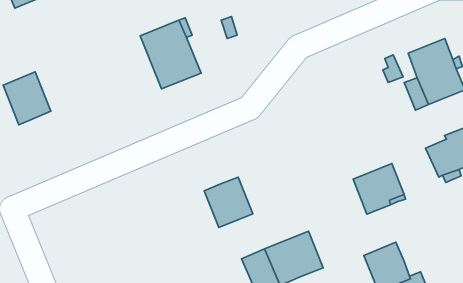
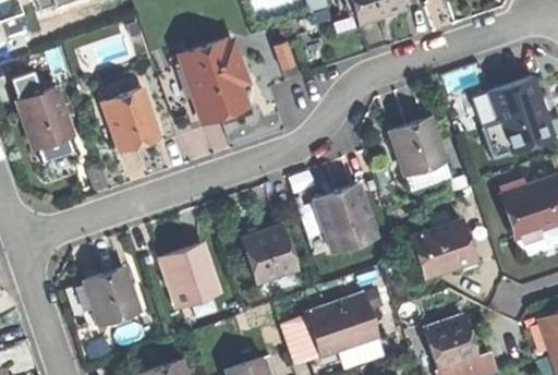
building: none -> [105,86,159,147]
building: none -> [391,117,444,172]
building: none -> [317,183,374,250]
building: none -> [158,242,219,307]
building: none -> [85,267,138,324]

